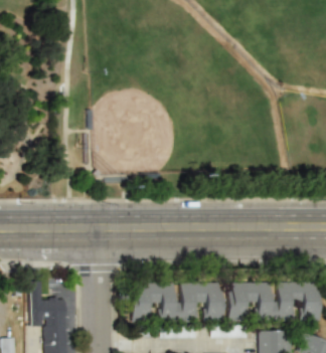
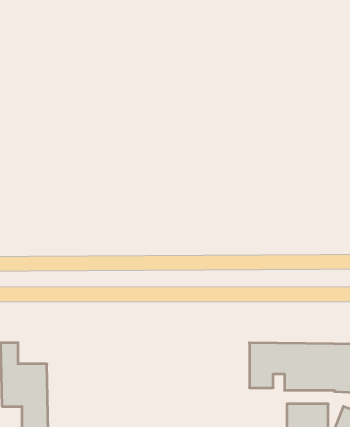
building: [133,283,224,322] -> none

